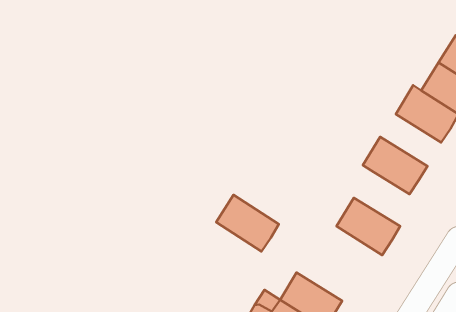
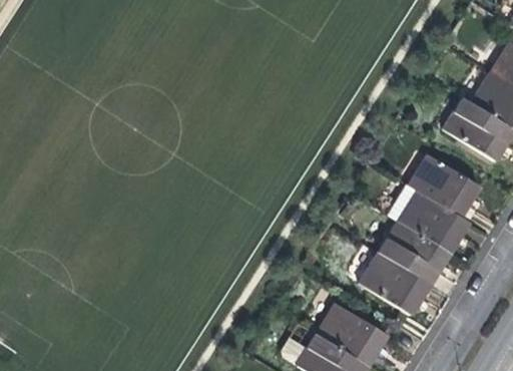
building: none -> [399,192,469,253]
building: [216,195,279,251] -> [361,253,430,315]

